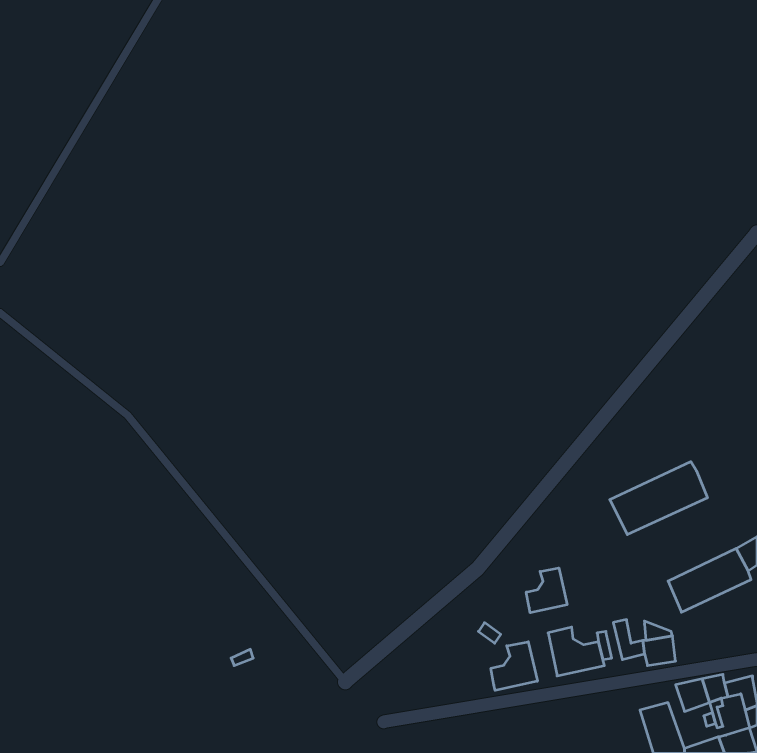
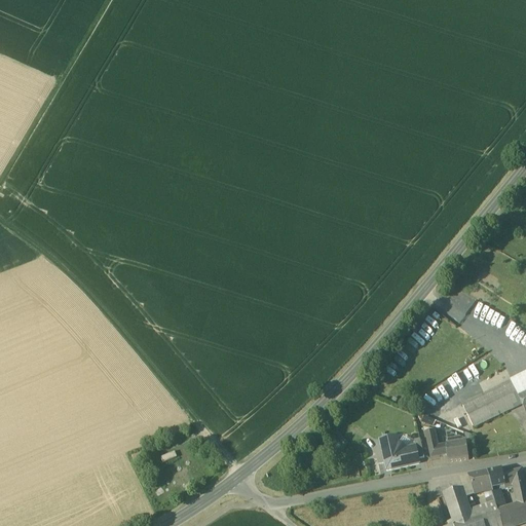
building: [610,462,707,535] -> none
building: [526,568,567,613] -> none
building: [491,642,537,690] -> none

